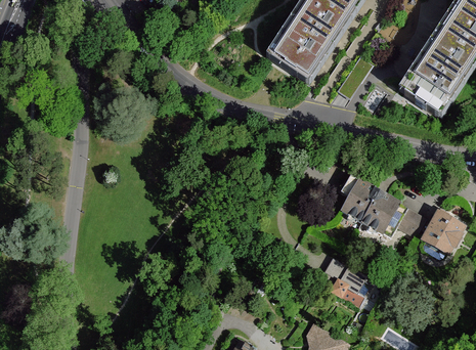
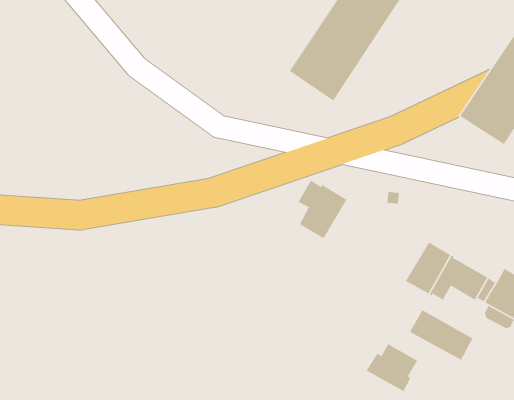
building: [339,174,378,220] -> [297,180,348,239]
building: none -> [409,309,473,361]

